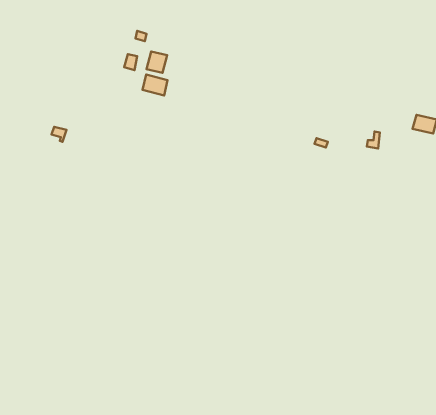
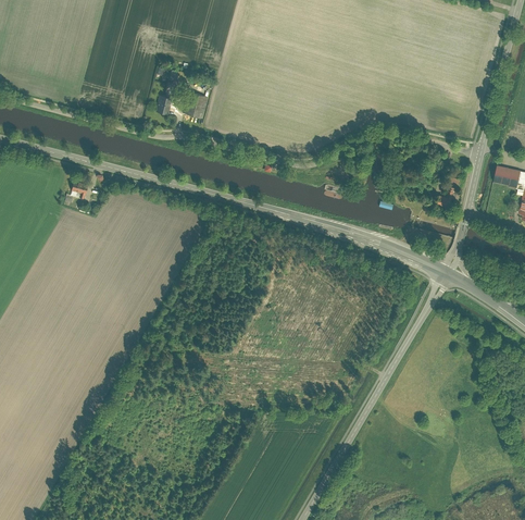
building: [143,75,167,96] -> none

